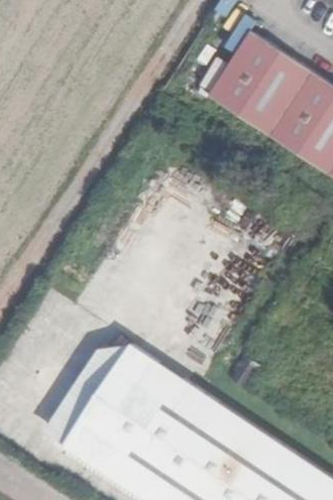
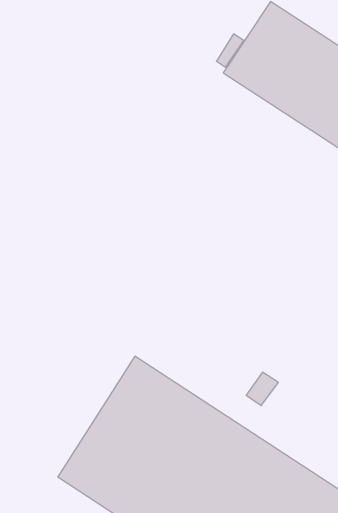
building: [45,346,132,452] -> none

